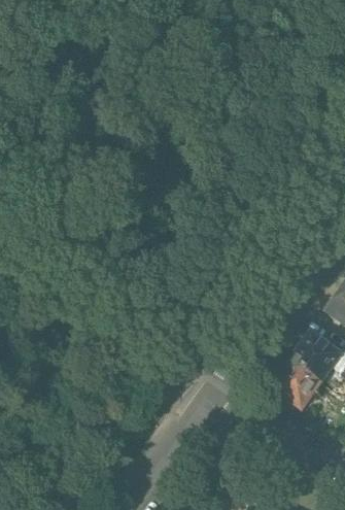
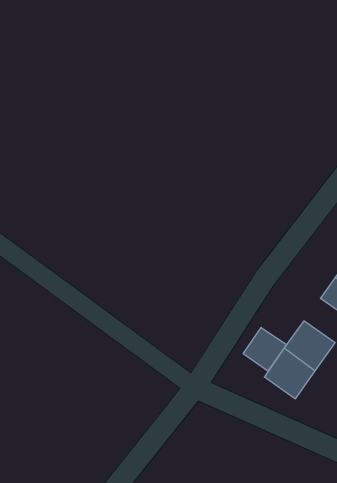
building: none -> [243,327,287,371]

